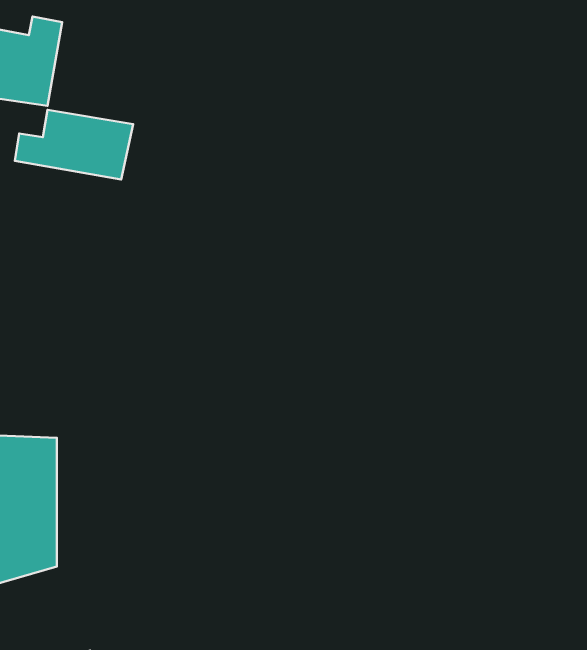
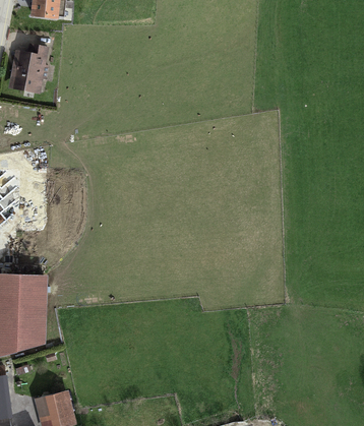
building: [15,110,133,180] -> none

